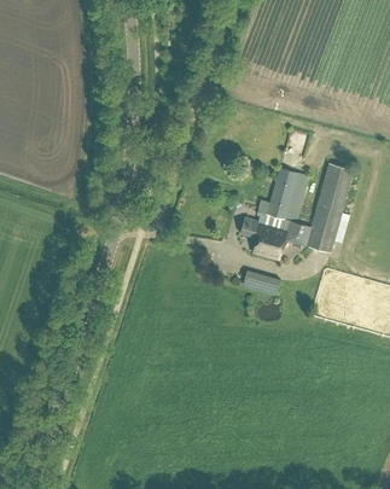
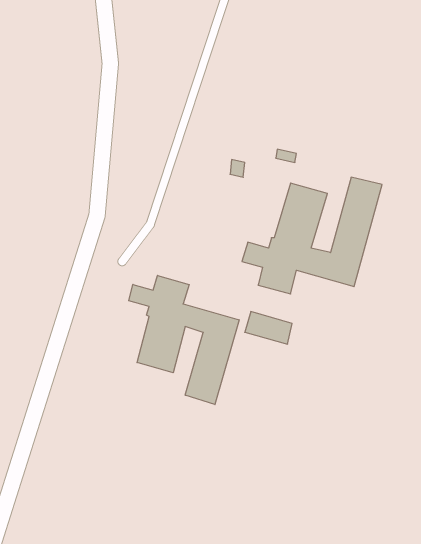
building: none -> [129,275,239,405]

